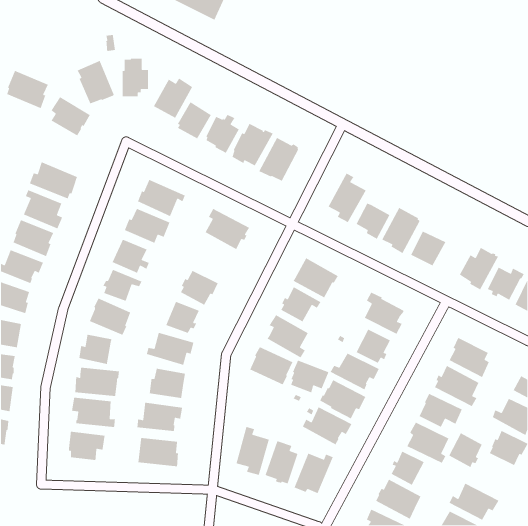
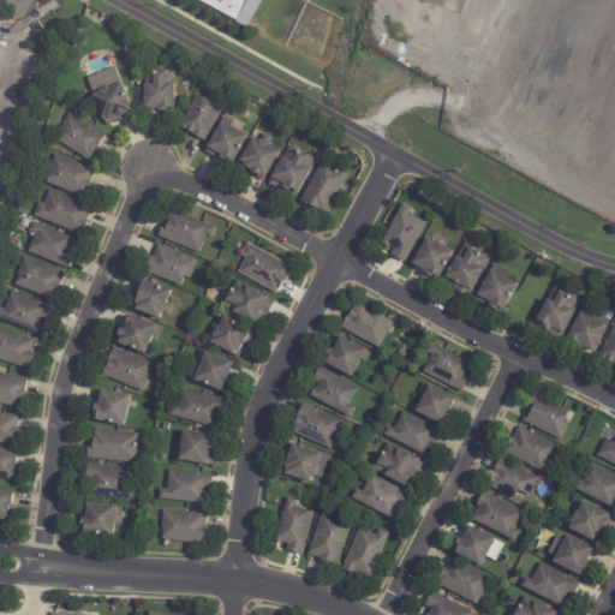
building: [6,70,48,109] -> [44,151,94,197]
building: none -> [219,277,274,323]
building: [290,359,329,393] -> [285,442,330,482]
building: [448,432,483,468] -> [553,532,593,574]

